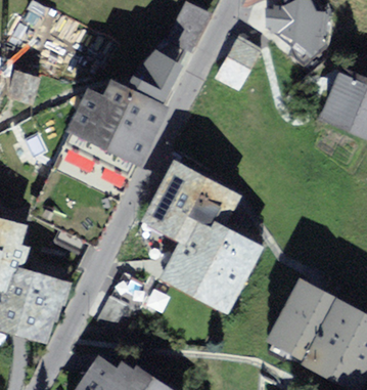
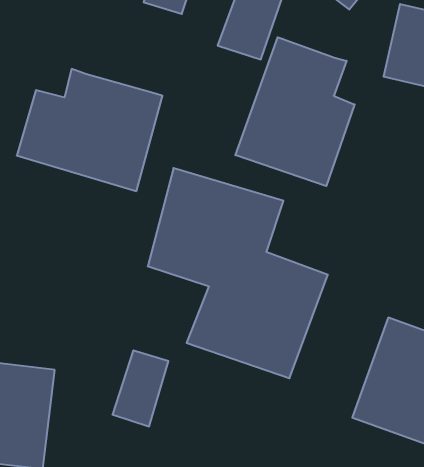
building: [121,50,185,103] -> none
building: none -> [235,37,355,186]

